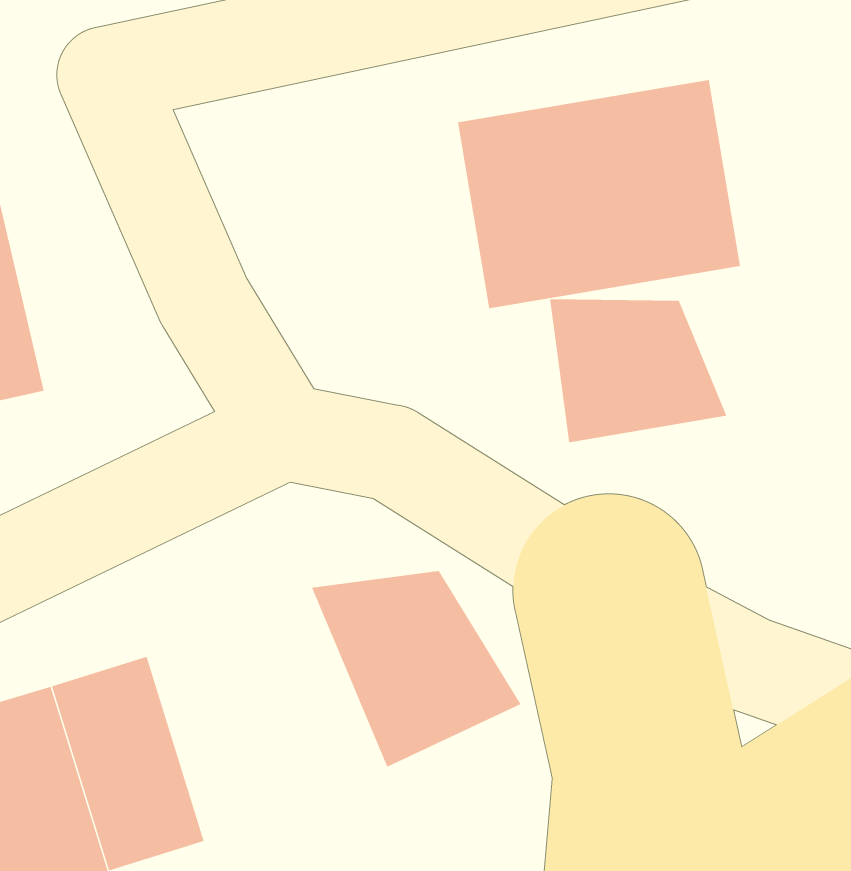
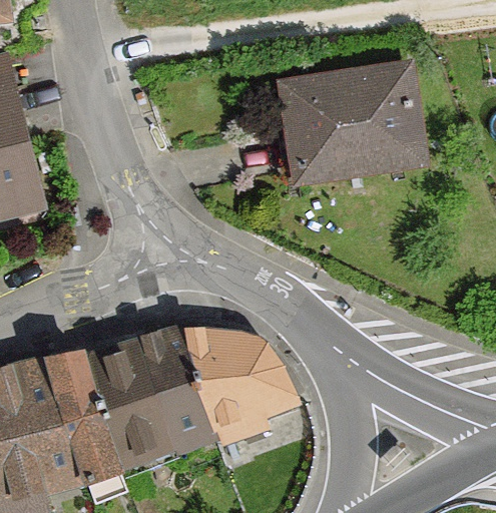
building: [550,299,727,443] -> none
building: none -> [89,329,215,463]

